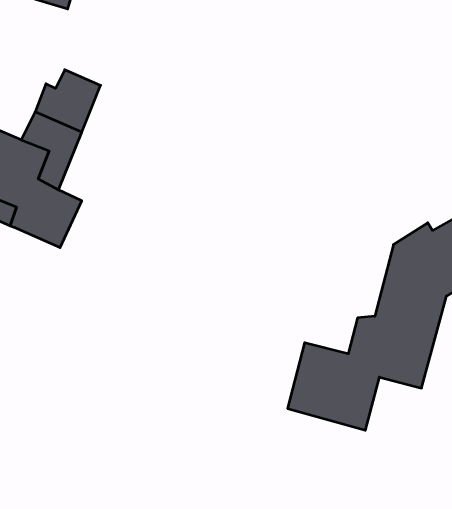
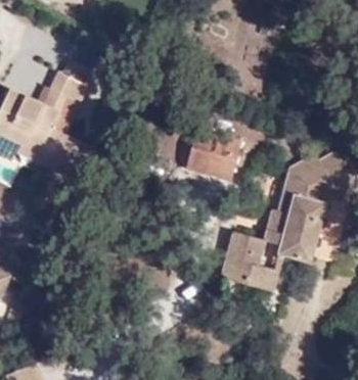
building: none -> [183,131,232,178]

